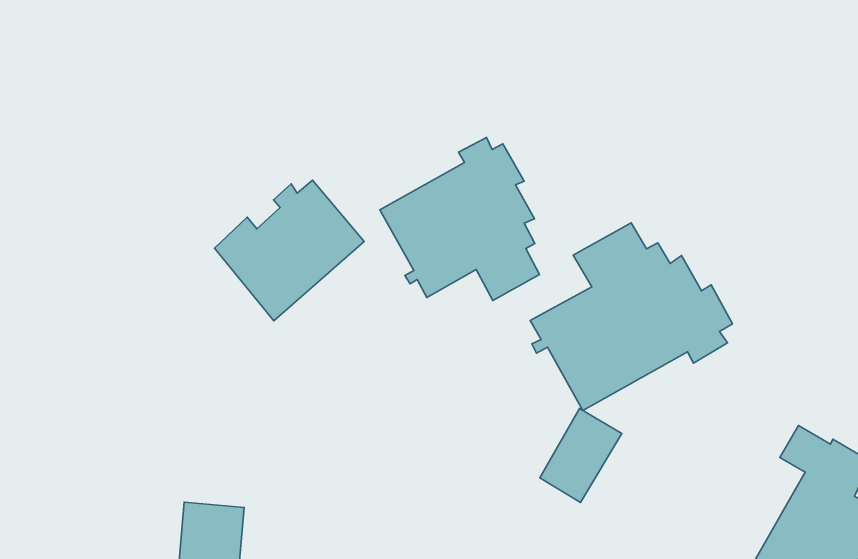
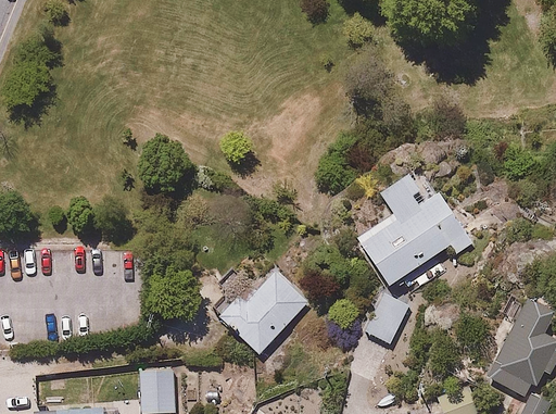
building: [380,138,540,300] -> none
building: [214,180,364,321] -> [222,269,313,357]

